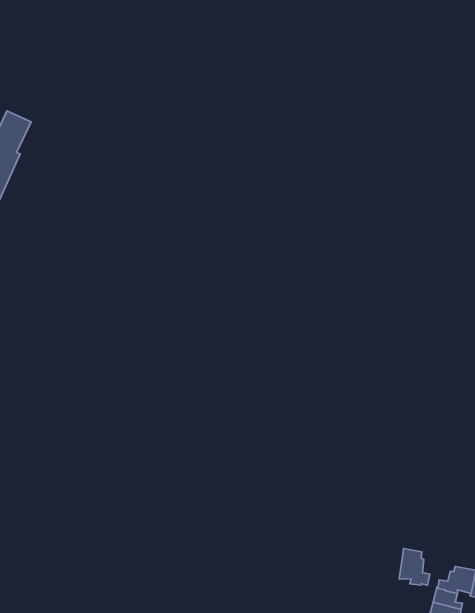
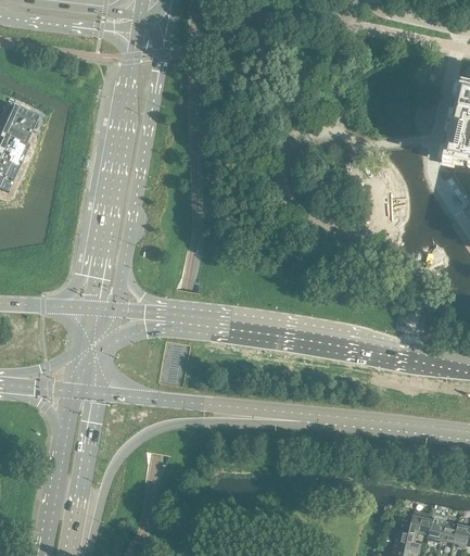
building: [399,549,430,585] -> none

